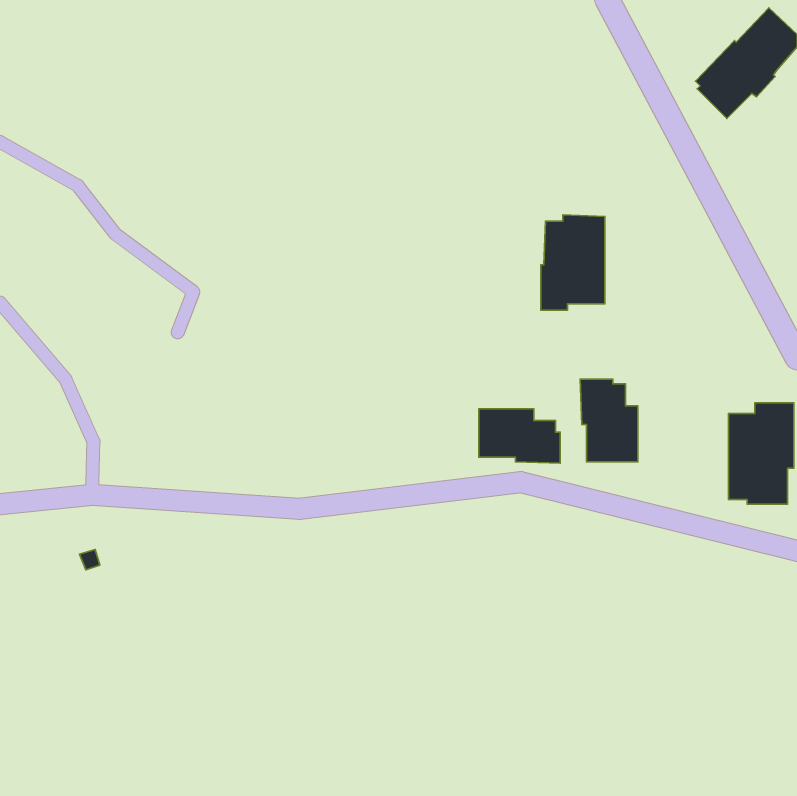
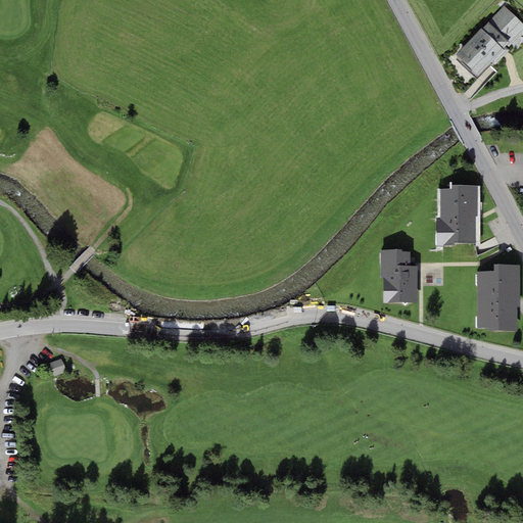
building: [541,215,605,310] -> [437,184,479,246]
building: [479,409,560,463] -> none

